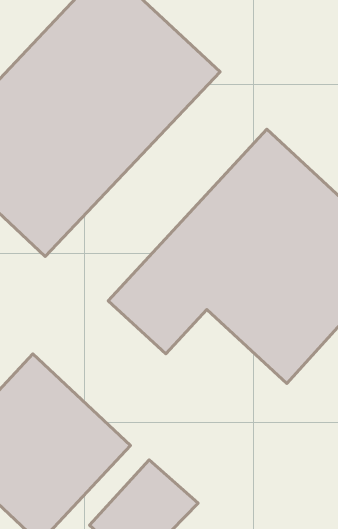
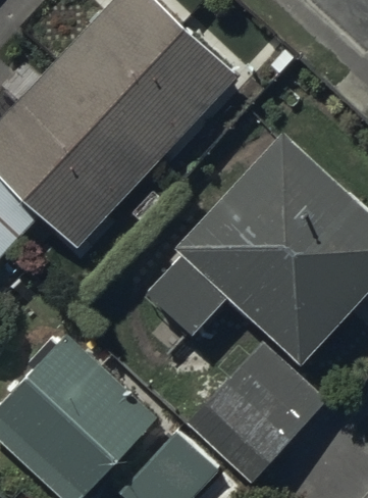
building: none -> [189,346,327,487]

